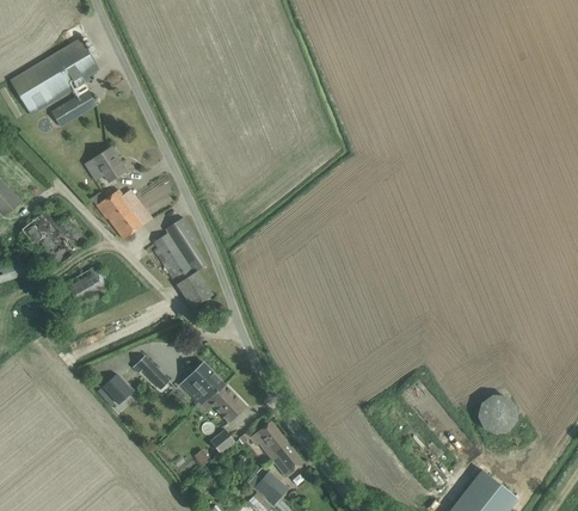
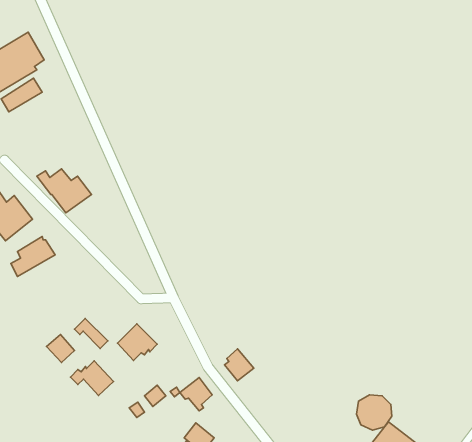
building: [93,148,127,180] -> none
building: [154,216,213,307] -> none
building: [198,383,246,421] -> [70,361,113,395]
building: [478,394,517,433] -> [356,395,392,430]
building: [271,439,303,475] -> [225,349,254,381]

